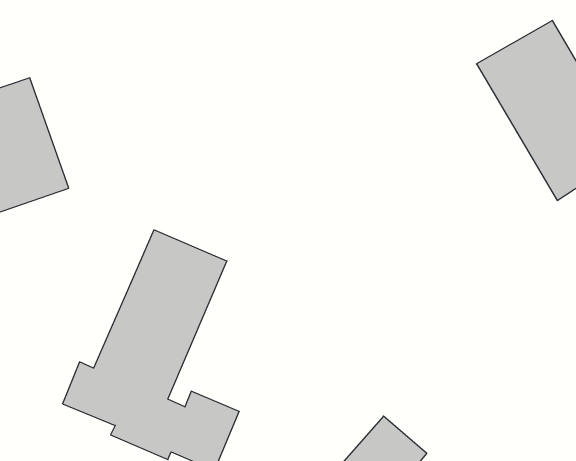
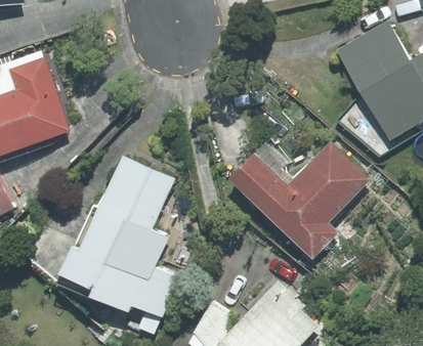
building: none -> [228,140,369,258]

